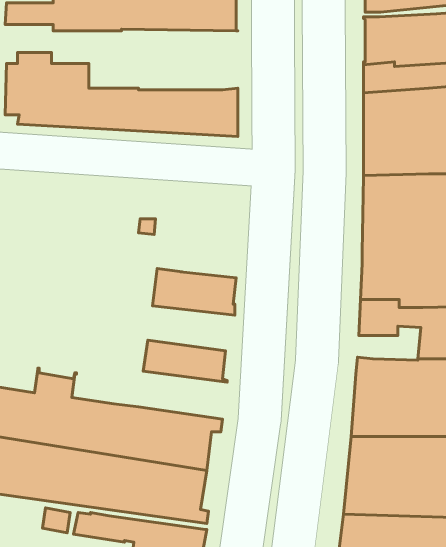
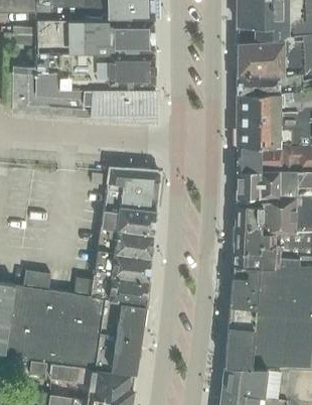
building: none -> [35,52,156,91]
building: none -> [104,167,161,213]
building: none -> [98,231,154,260]
building: none -> [233,244,275,266]
building: none -> [75,273,149,304]

